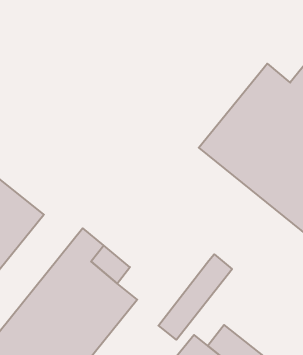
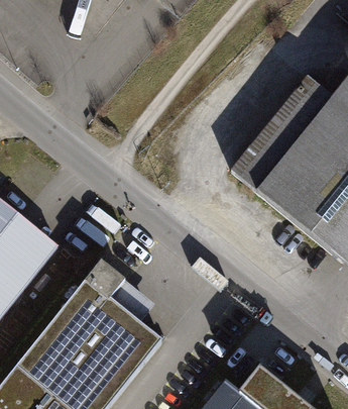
building: [158,254,232,340] -> none

